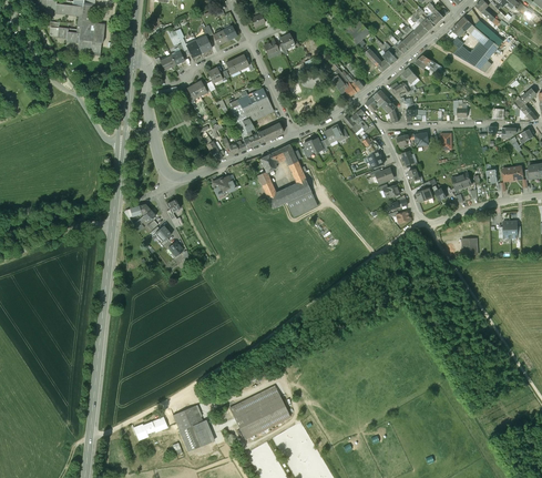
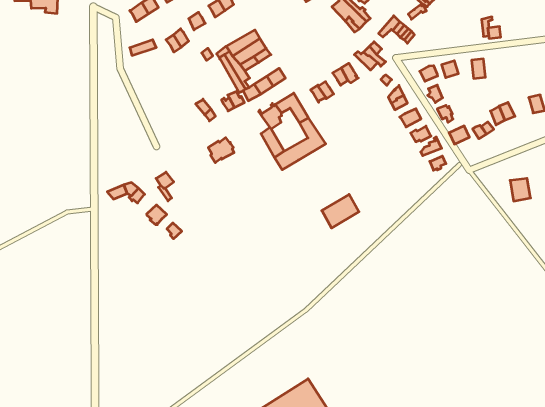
building: [287,190,318,216] -> [322,194,359,228]

